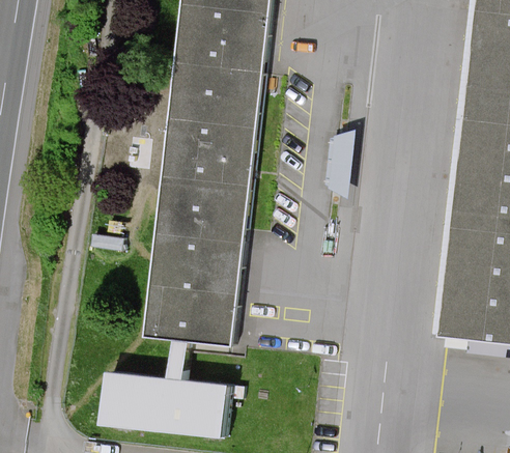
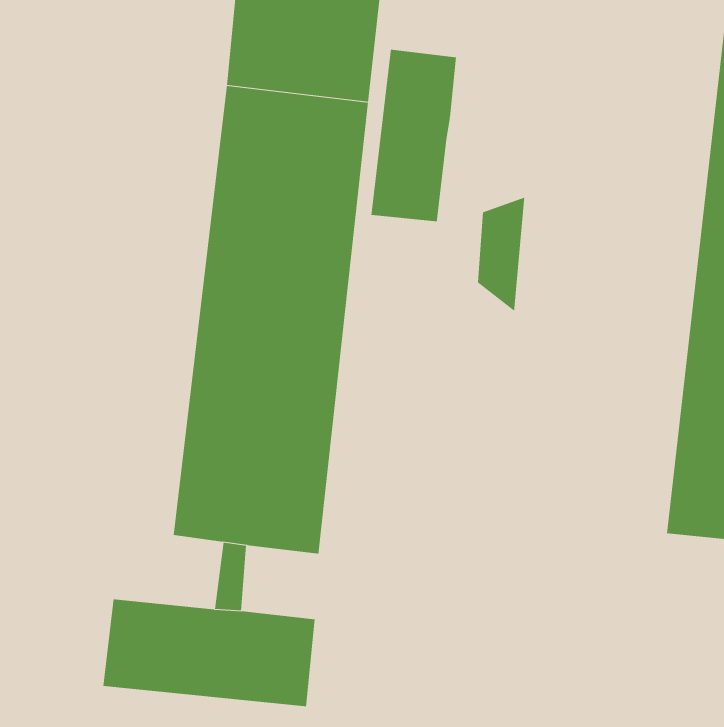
building: none -> [371,49,457,222]

